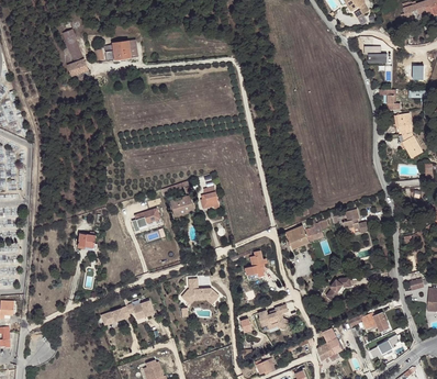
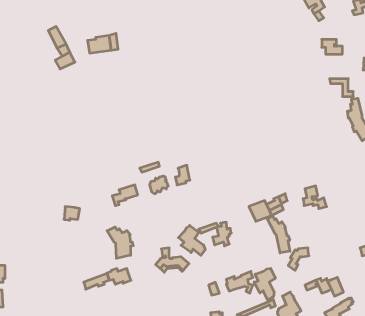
building: none -> [267,216,290,253]
building: none -> [178,225,205,255]
building: none -> [107,227,133,258]
building: none -> [254,268,275,300]

